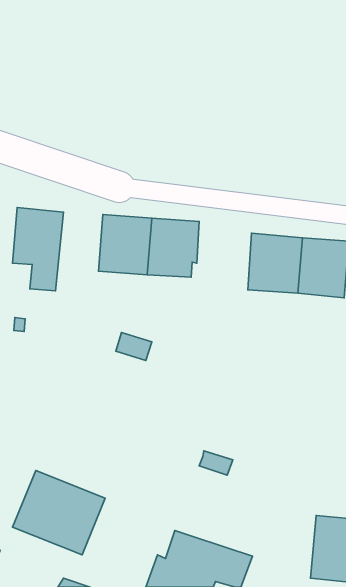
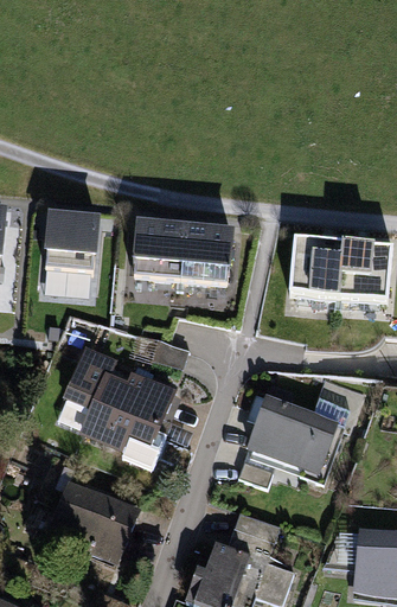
building: none -> [64,346,178,454]
building: none -> [245,378,365,477]
building: none -> [228,515,278,562]

